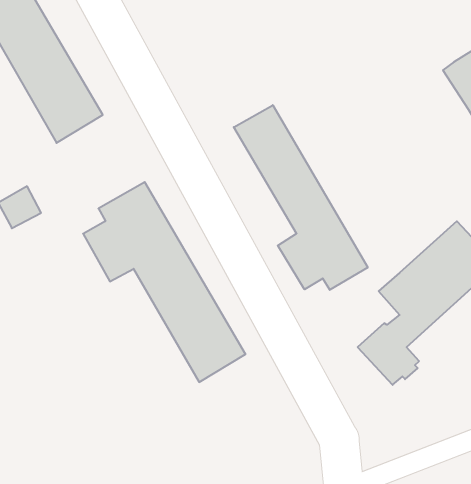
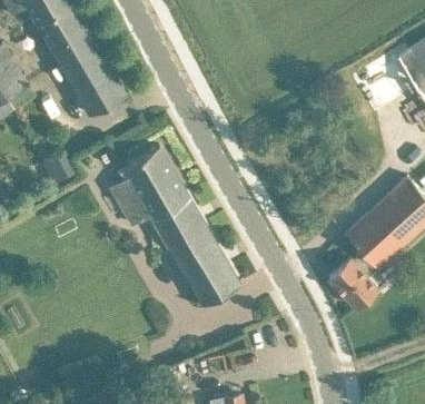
building: [234,105,368,290] -> none

